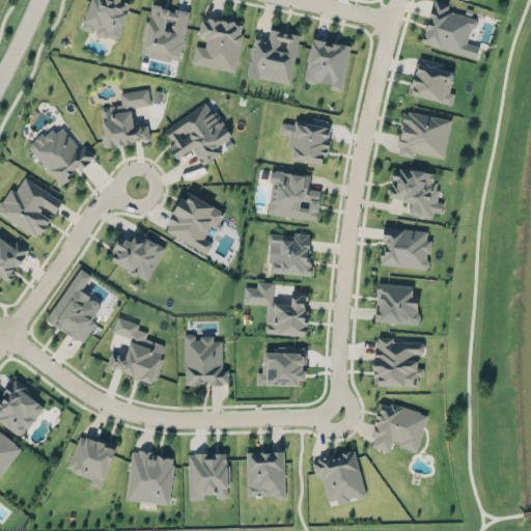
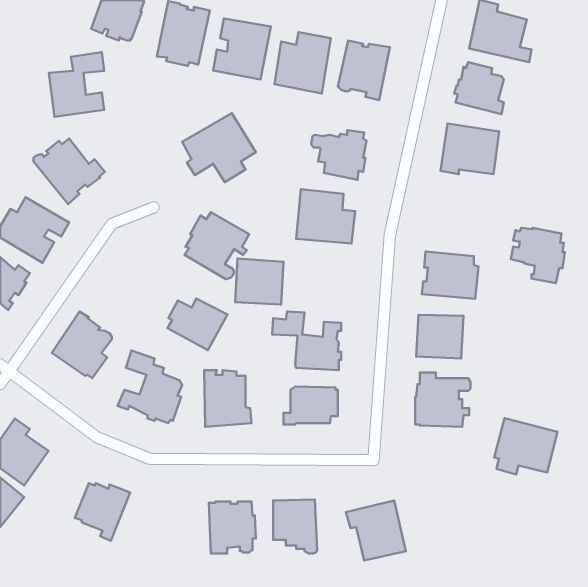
building: [101,90,150,148] -> [49,52,104,117]
building: [391,168,440,218] -> [511,228,565,283]
building: [112,233,166,280] -> [167,298,227,350]
building: [269,234,312,276] -> [235,258,284,305]
building: [370,402,427,453] -> [494,418,558,475]
building: [127,449,175,505] -> none

